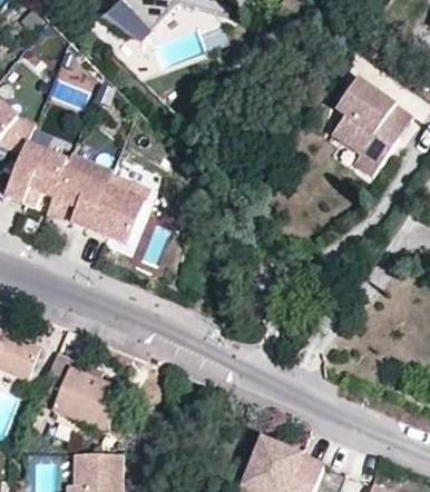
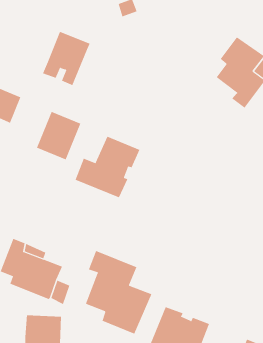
building: [47,155,111,228] -> [42,31,90,86]
building: none -> [75,136,140,198]
building: none -> [85,250,152,334]

